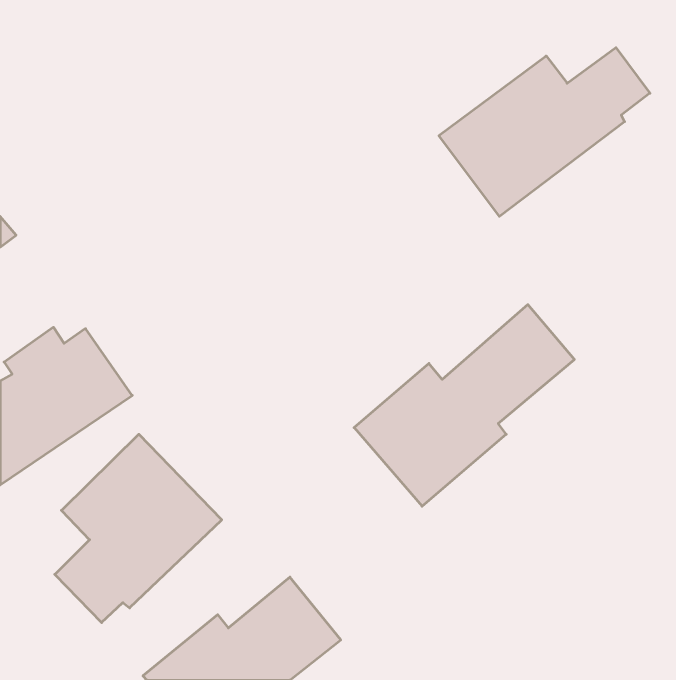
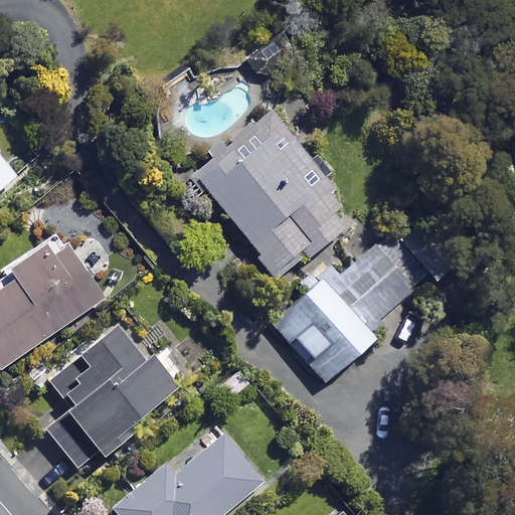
building: [439,48,650,216] -> none
building: none -> [196,111,345,280]

